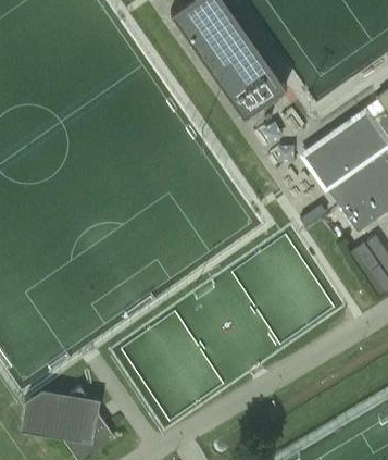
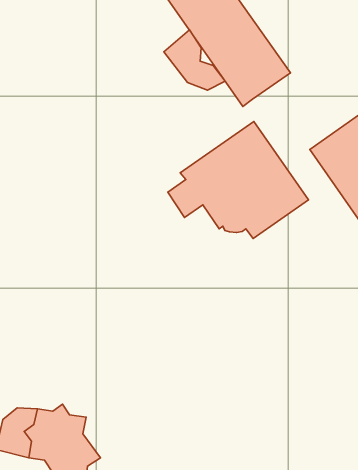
building: none -> [164,30,225,90]
building: none -> [168,121,309,239]

